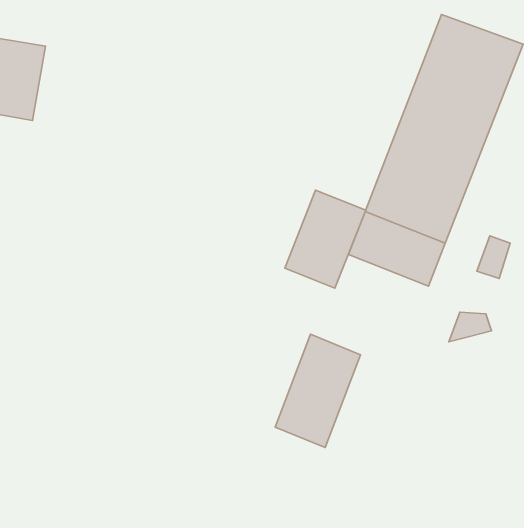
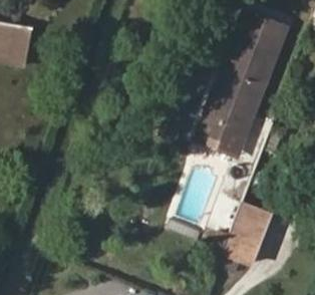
building: [285,190,366,288] -> none
building: [275,334,361,448] -> [225,204,271,265]

